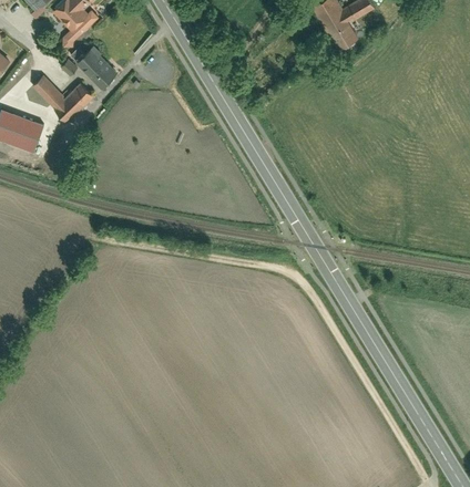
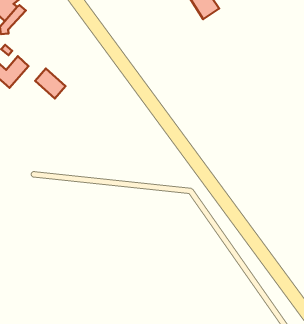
building: [78,48,117,89] -> [35,68,66,99]

